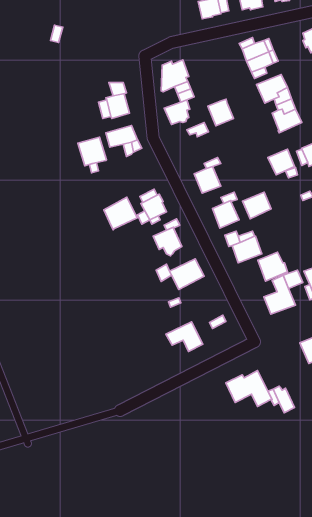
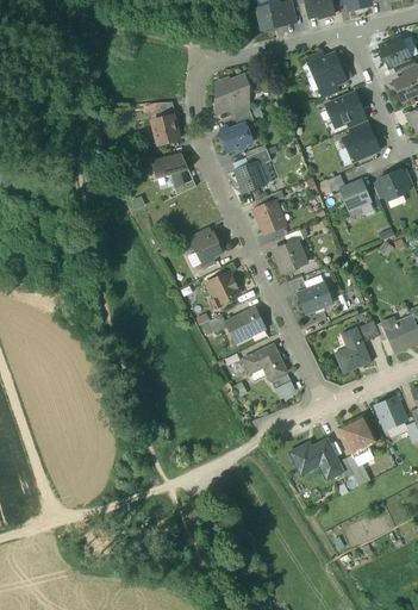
building: [208,99,233,126] -> [235,161,264,192]
building: [78,137,106,166] -> none
building: [243,192,271,219] -> none
building: [104,197,137,230] -> none
building: [258,252,288,281] -> none
building: [166,322,203,351] -> [243,344,286,379]
building: none -> [339,416,376,456]

